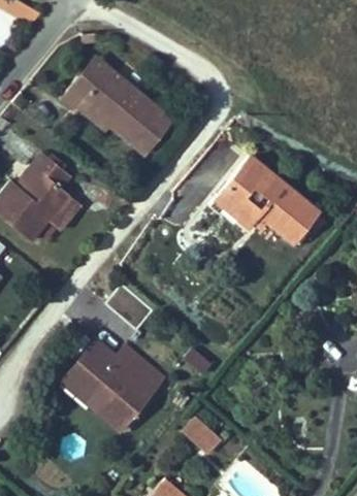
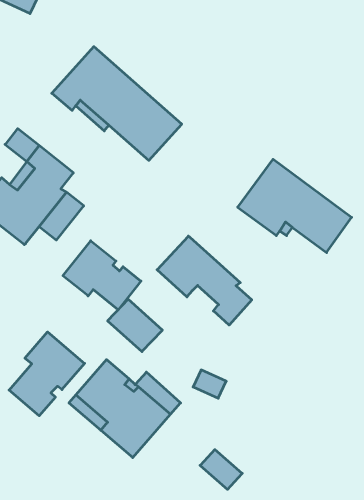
building: none -> [157,236,252,325]
building: none -> [63,241,141,310]
building: none -> [9,332,85,416]

